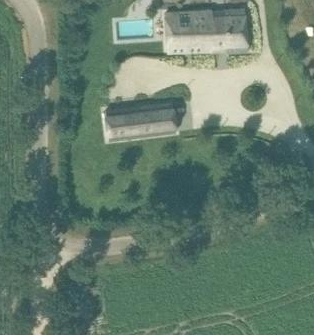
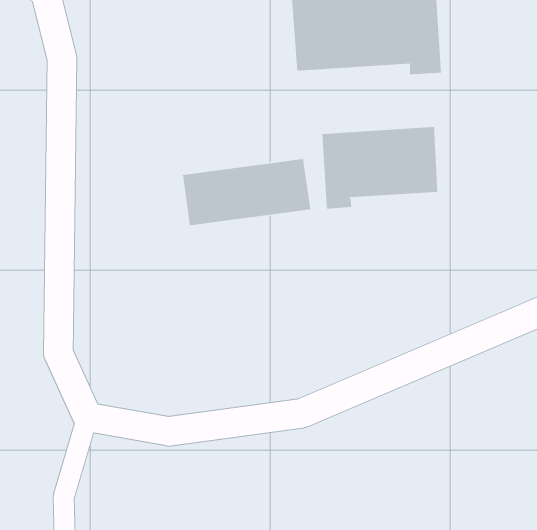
building: none -> [322,126,438,209]

